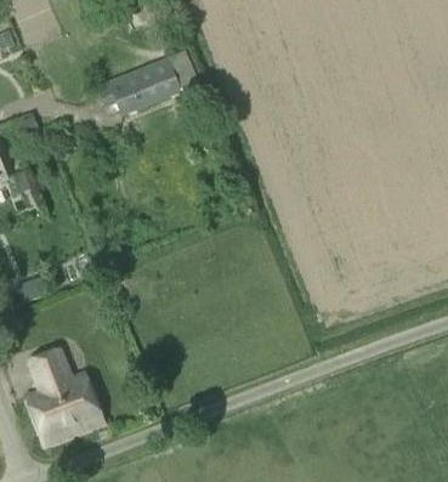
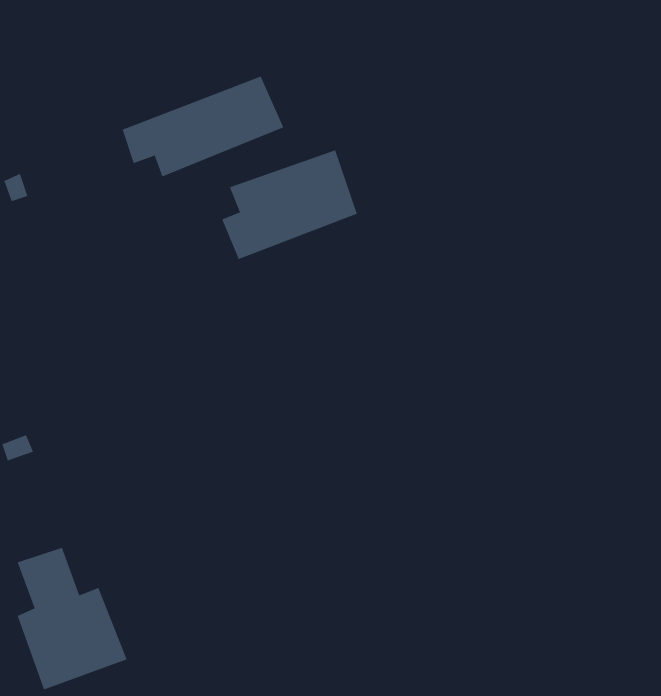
building: none -> [222,149,358,260]

